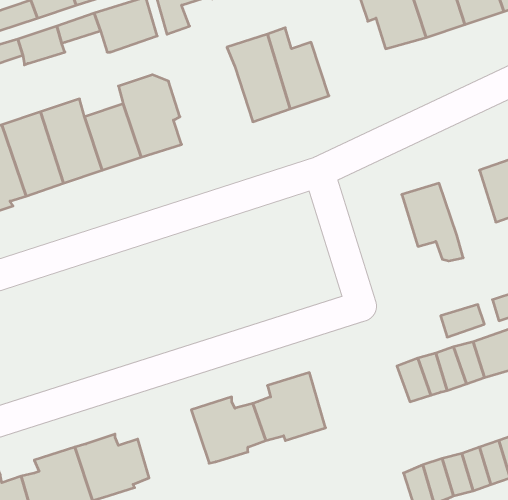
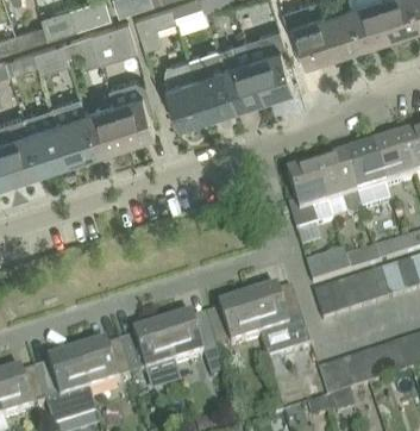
building: none -> [251,30,293,95]
building: none -> [164,60,207,124]
building: none -> [344,150,389,211]
building: none -> [286,168,332,232]
building: none -> [306,251,350,285]
building: none -> [249,291,309,361]
building: none -> [123,323,175,376]

